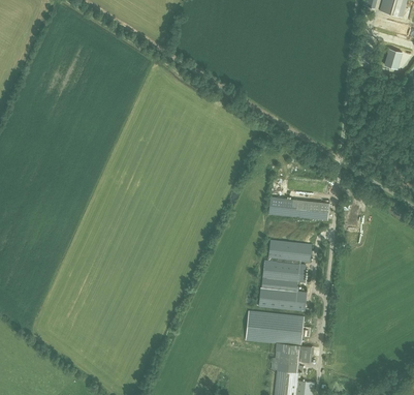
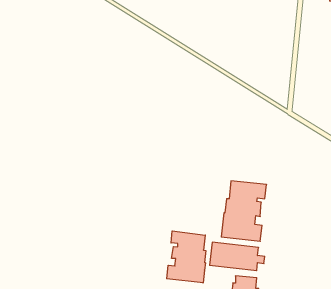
building: [267,196,328,219] -> none
building: none -> [167,231,206,283]

